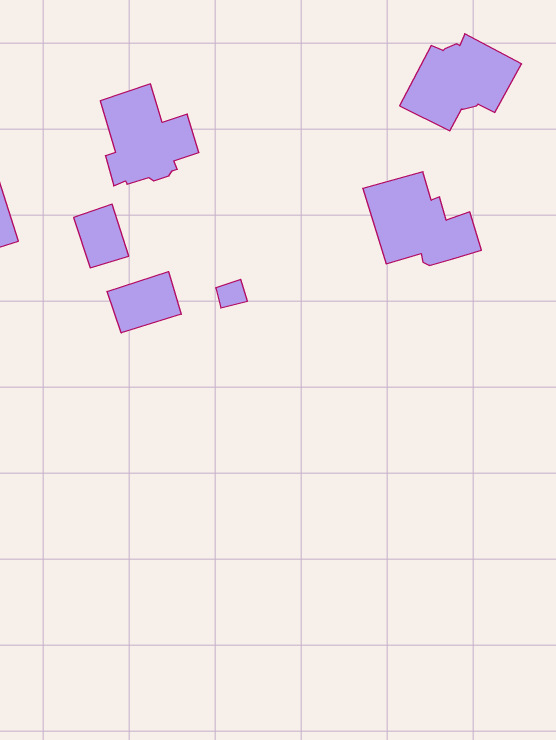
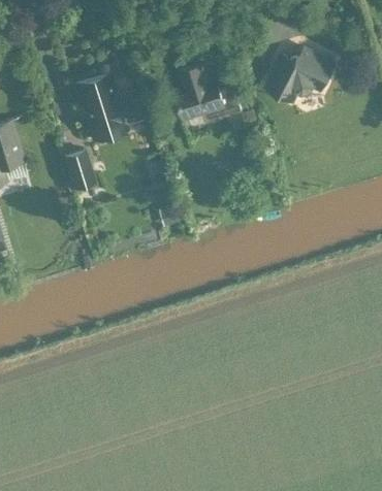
building: [363,172,481,265] -> [170,62,244,120]
building: [107,272,181,333] -> none

